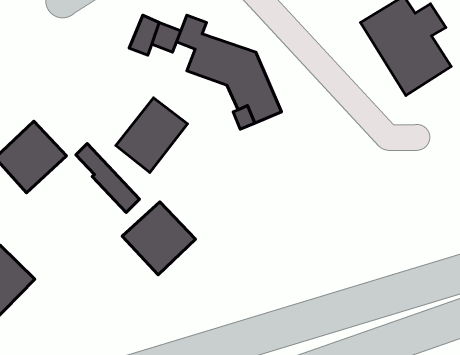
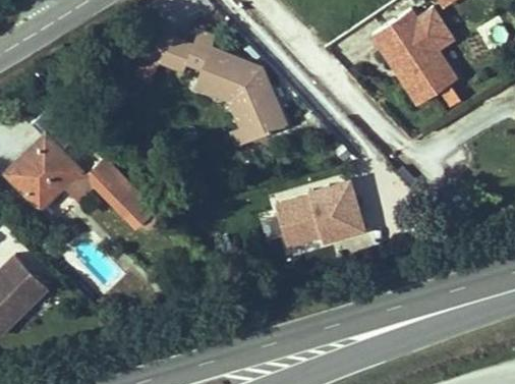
building: [116,98,188,173] -> none
building: none -> [275,182,365,255]
building: [122,202,196,275] -> none

